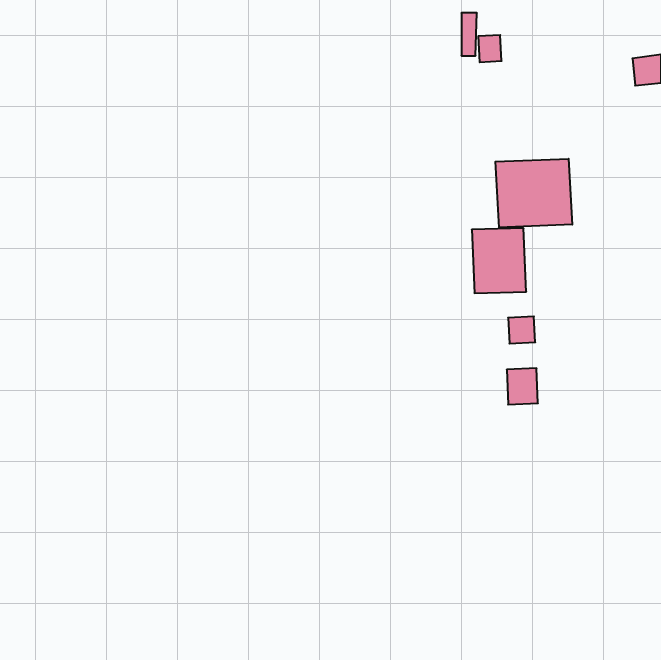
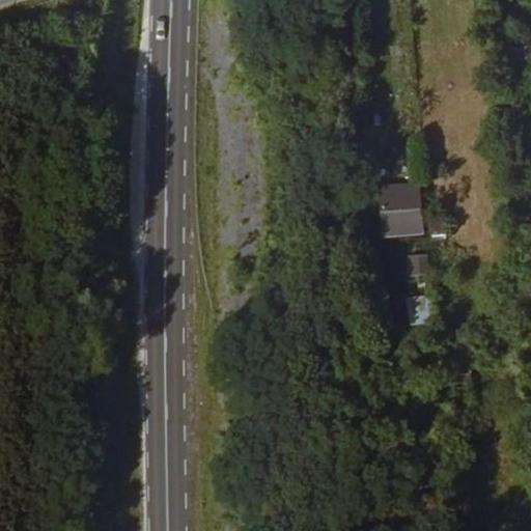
building: [495,159,572,228] -> none

